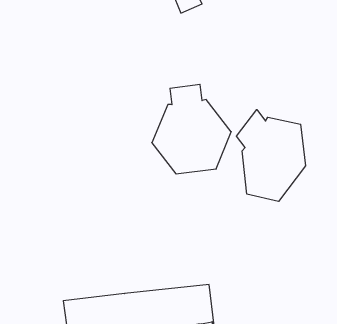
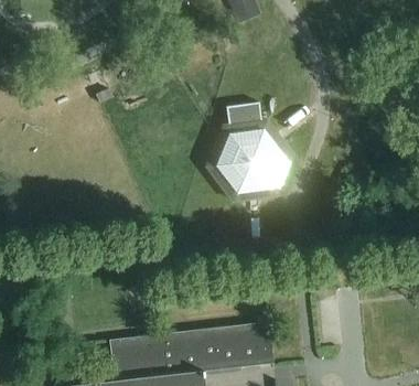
building: [236,110,305,201] -> none

